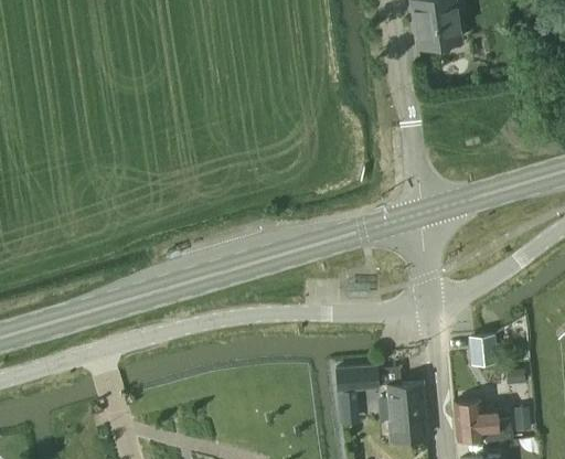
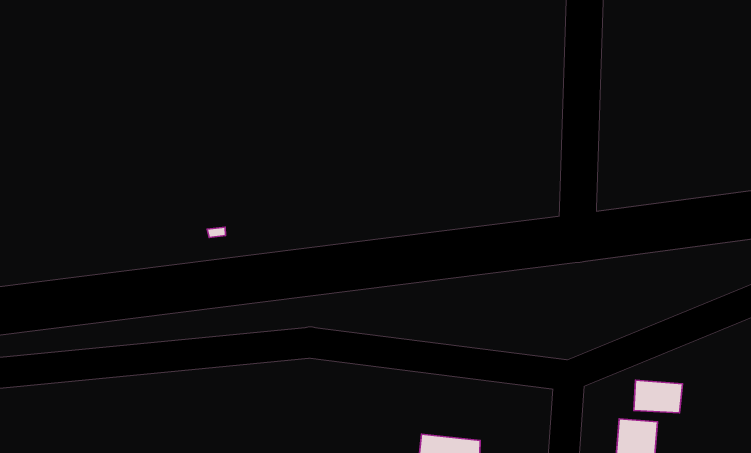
building: none -> [634,380,682,413]

